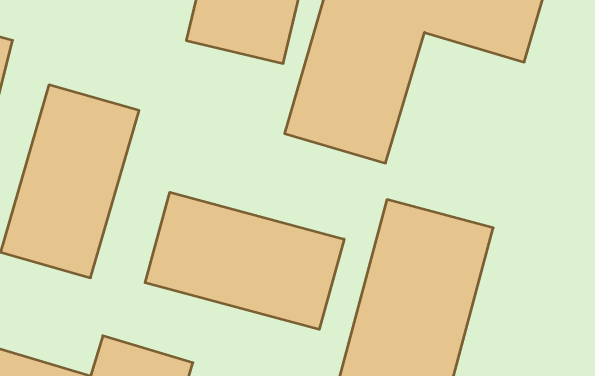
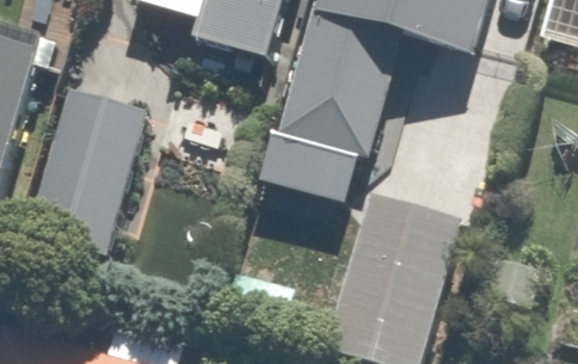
building: [145,192,344,329] -> none

